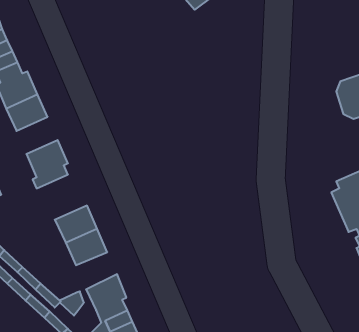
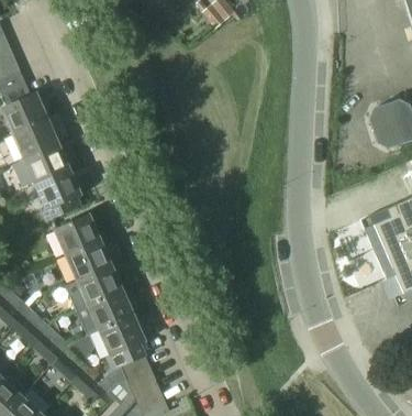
building: none -> [22,144,67,185]
building: none -> [53,215,99,256]
building: none -> [87,292,132,332]

